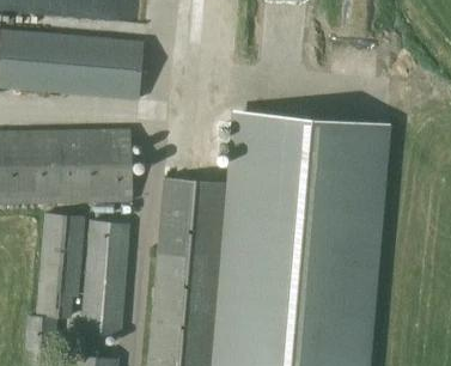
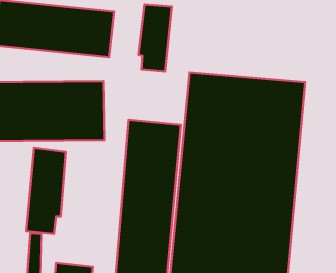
building: none -> [138,4,172,72]
building: [69,219,130,334] -> none

